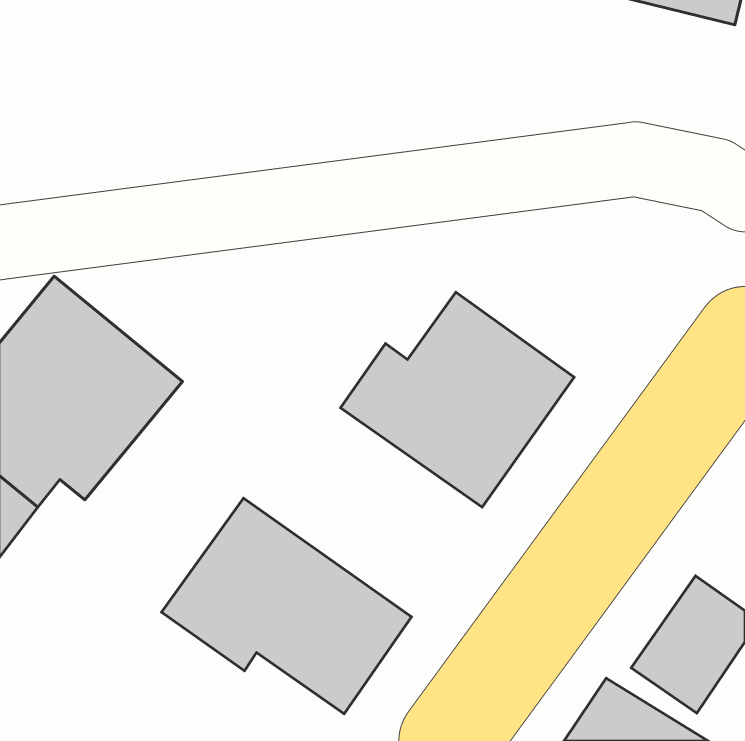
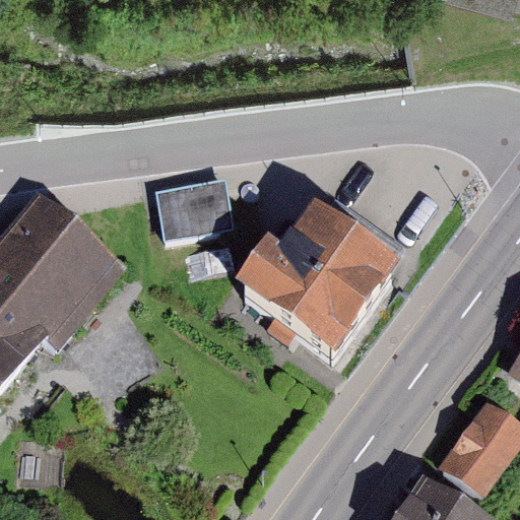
building: none -> [158,178,235,239]
building: [162,498,411,714] -> none

